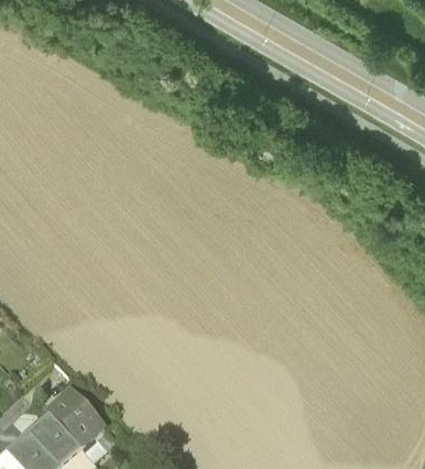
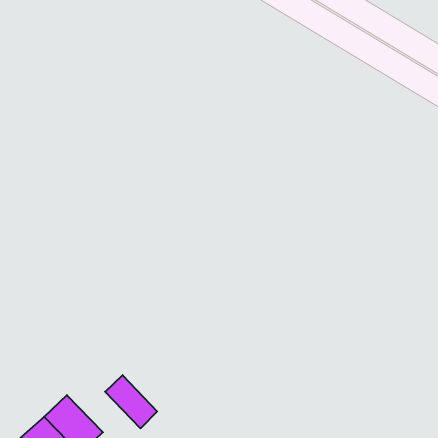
building: none -> [105,375,157,428]

